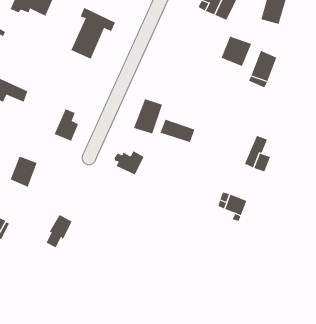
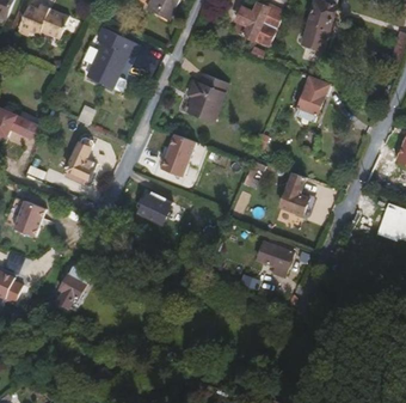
building: [221,36,252,67] -> none
building: none -> [180,78,219,120]
building: [160,119,195,143] -> none

